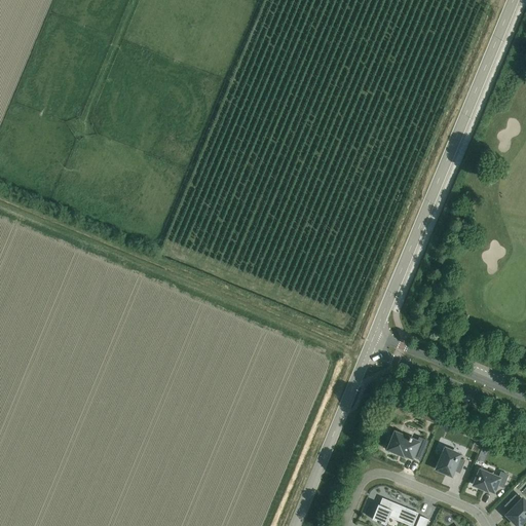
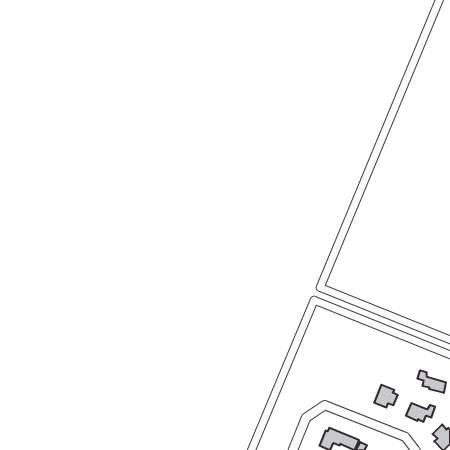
building: none -> [417,370,446,393]
building: [387,431,426,459] -> none

